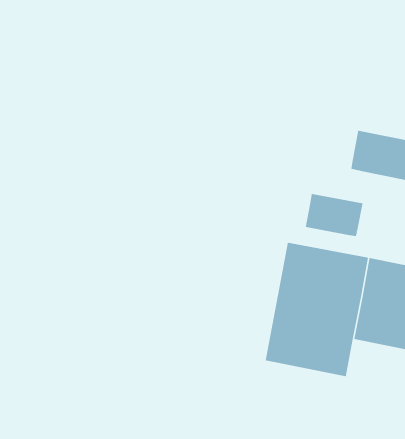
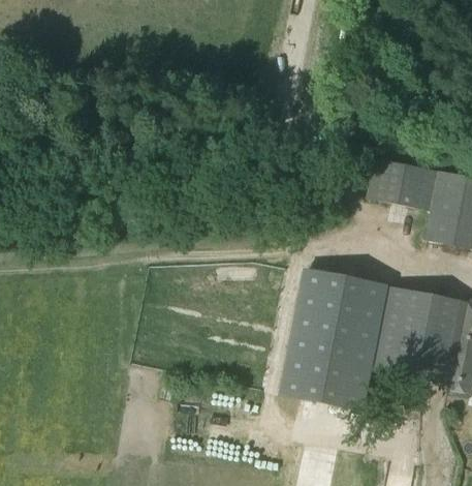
building: [305,193,363,237] -> none

